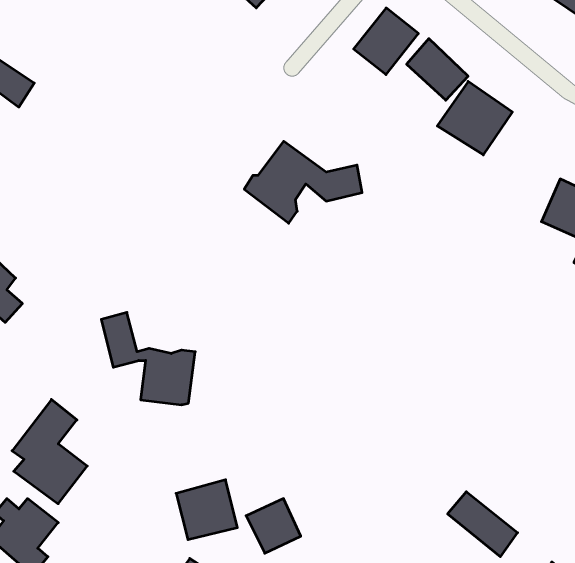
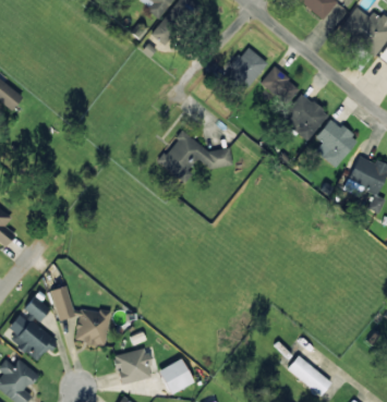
building: none -> [315,118,358,167]
building: [101,312,195,405] -> [50,285,110,344]

